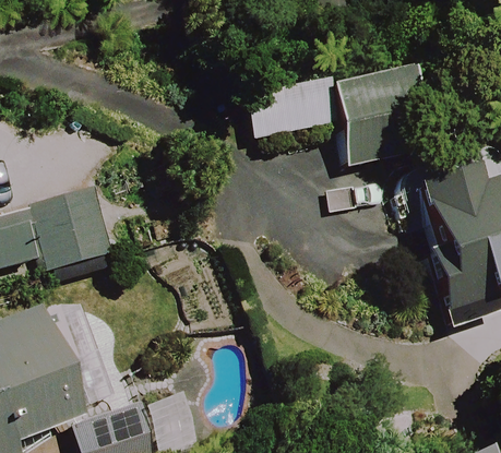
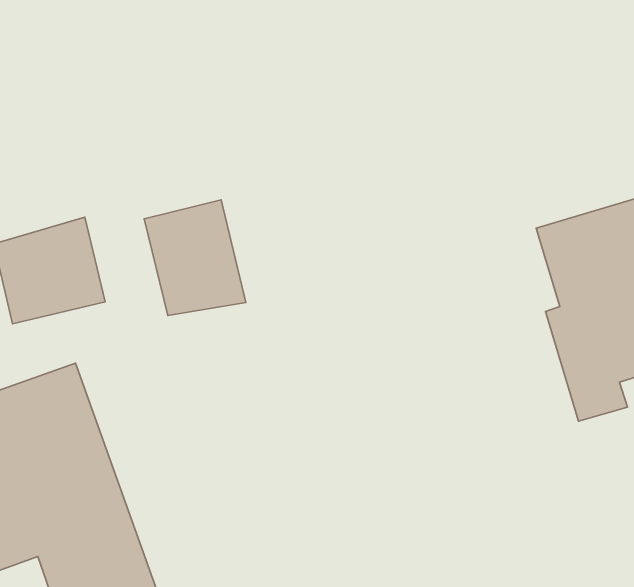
building: [243,69,408,168] -> none
building: none -> [144,200,246,315]

